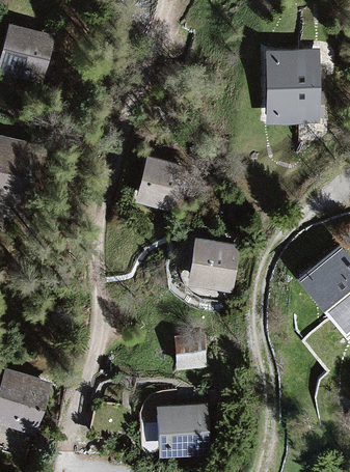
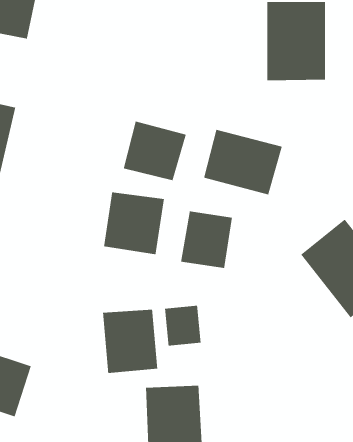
building: none -> [203,129,283,195]
building: none -> [103,192,165,255]
building: none -> [102,309,158,374]

